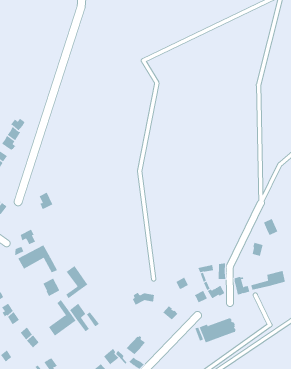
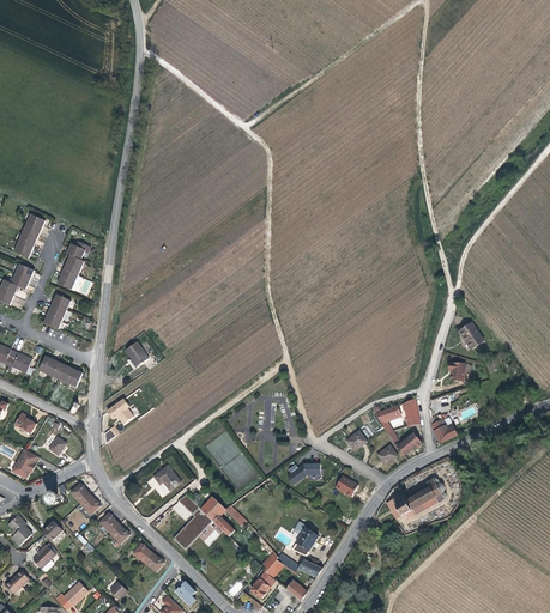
building: [17,245,58,273] -> none
building: [66,265,88,299] -> none
building: [251,270,285,291] -> none

